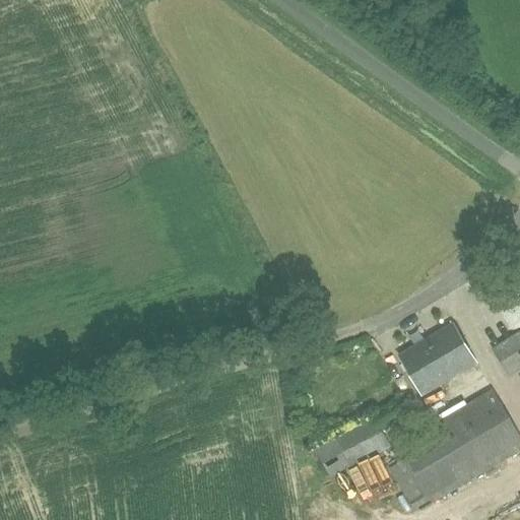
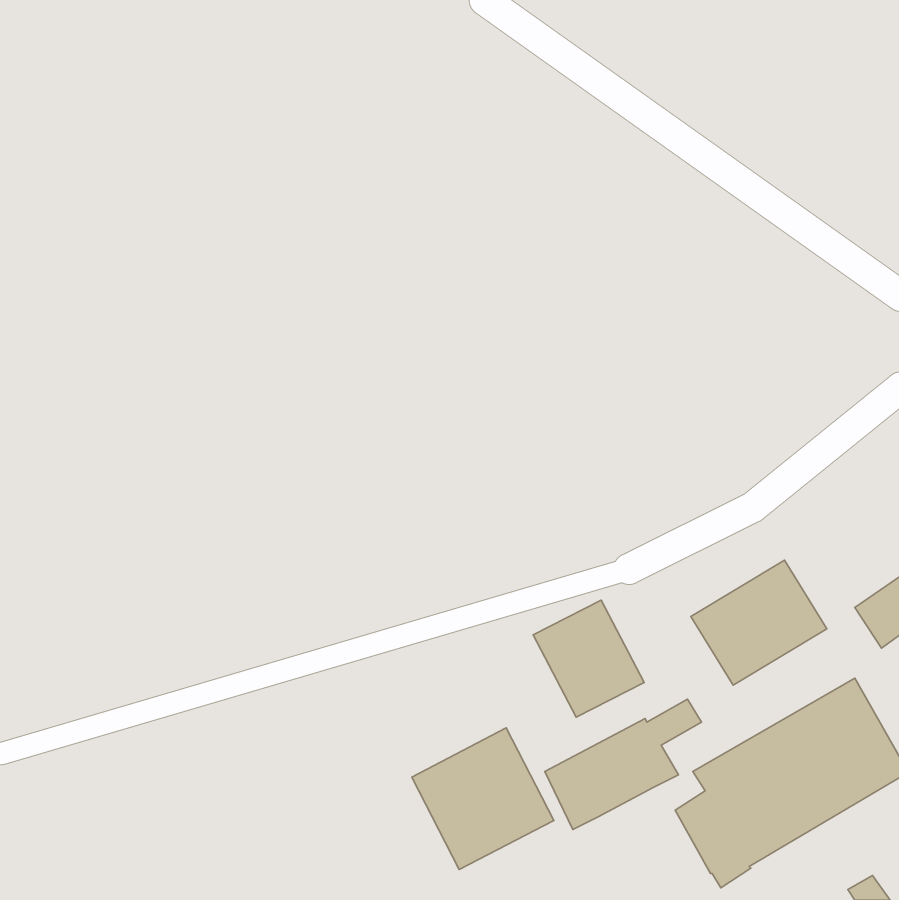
building: none -> [533,600,644,717]
building: none -> [412,728,554,870]

